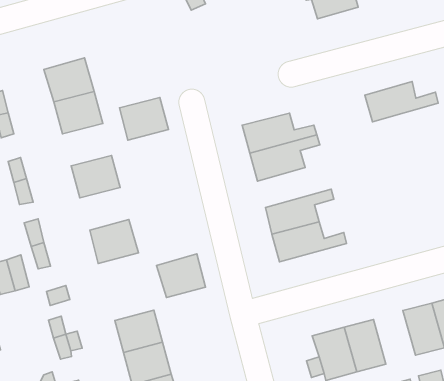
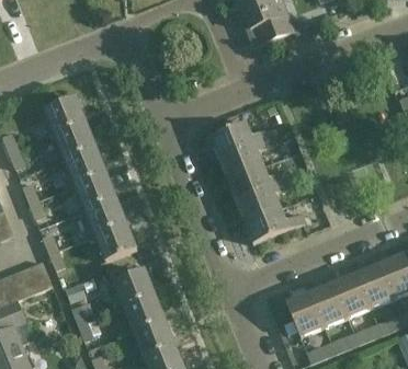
building: [365,81,438,122] -> [227,165,287,201]
building: [119,98,168,140] -> [65,148,106,185]
building: none -> [84,198,126,235]
building: [156,254,205,298] -> [113,268,155,307]
building: none -> [333,273,371,318]

